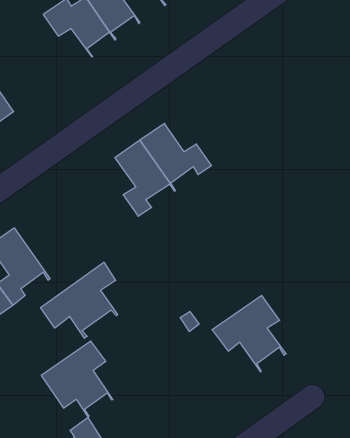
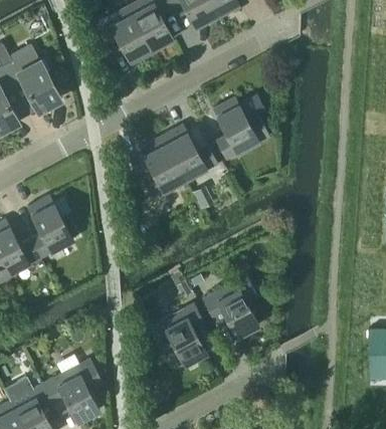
building: none -> [213,96,269,163]
building: [41,262,117,338] -> none
building: [41,341,113,417] -> [151,306,207,369]

